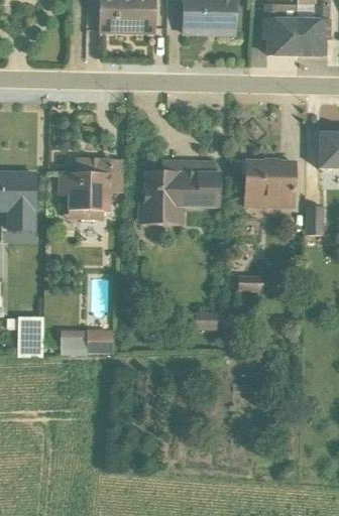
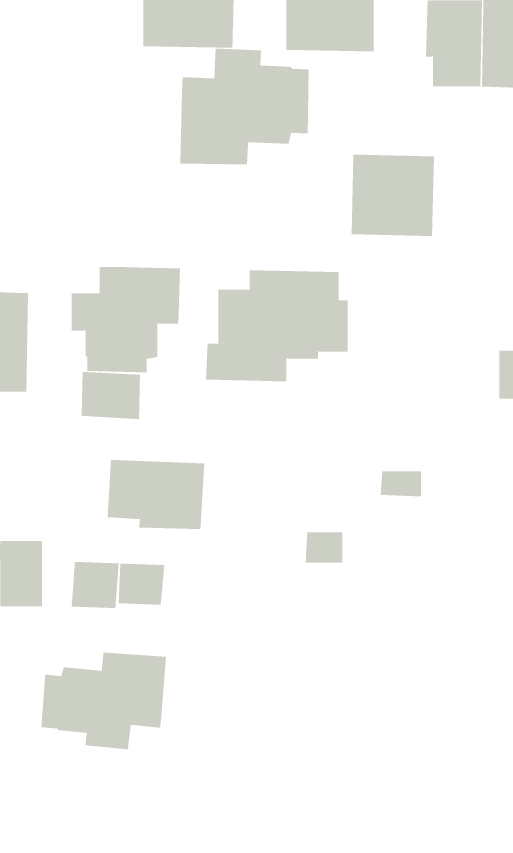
building: none -> [180,48,309,165]
building: [246,161,295,209] -> [351,154,435,236]
building: none -> [81,371,141,420]
building: none -> [107,459,205,530]
building: none -> [41,652,167,750]

